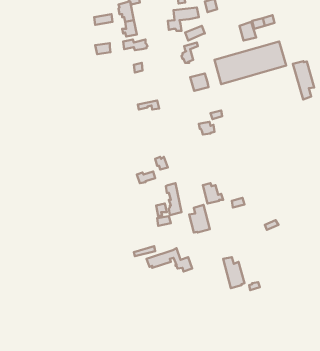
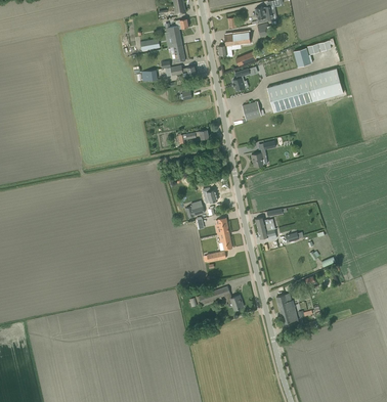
building: [293,61,314,99] -> none
building: [189,205,210,232] -> none

